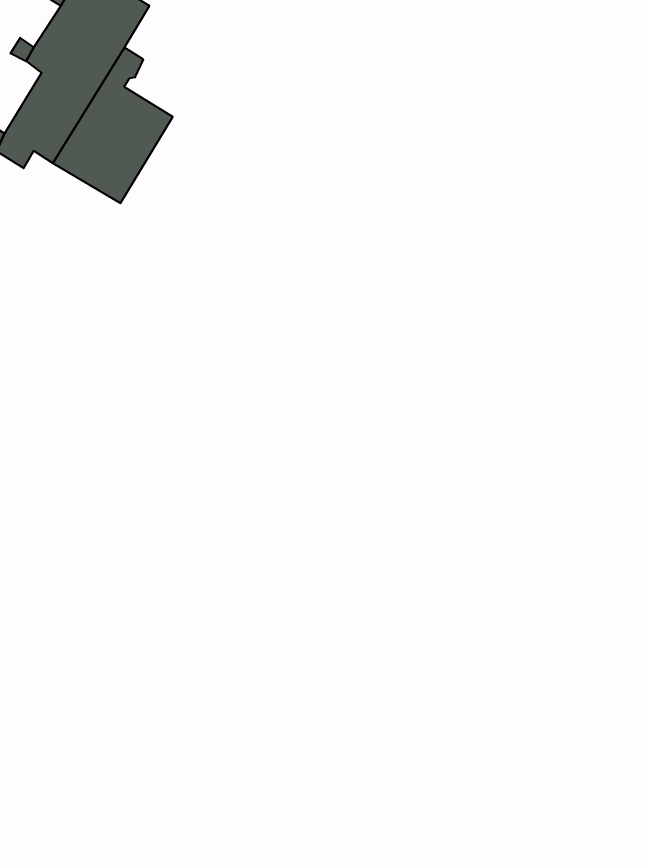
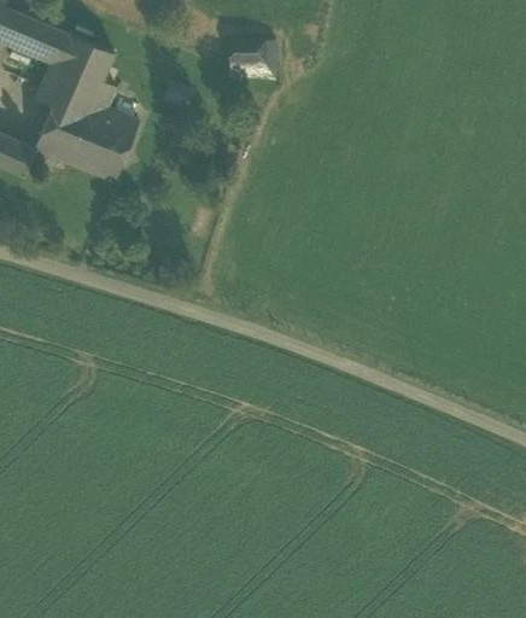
building: none -> [224,39,270,77]

